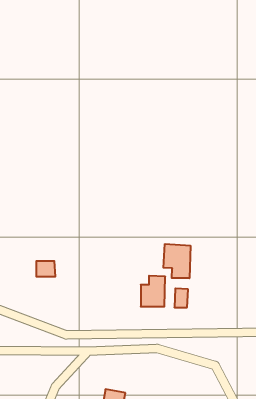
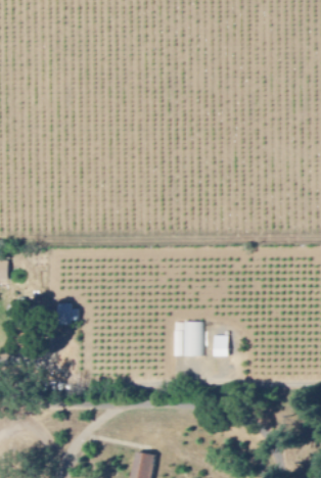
building: [163,244,190,278] -> none

